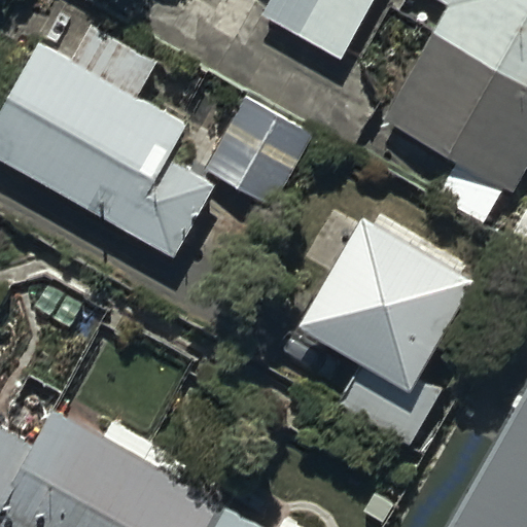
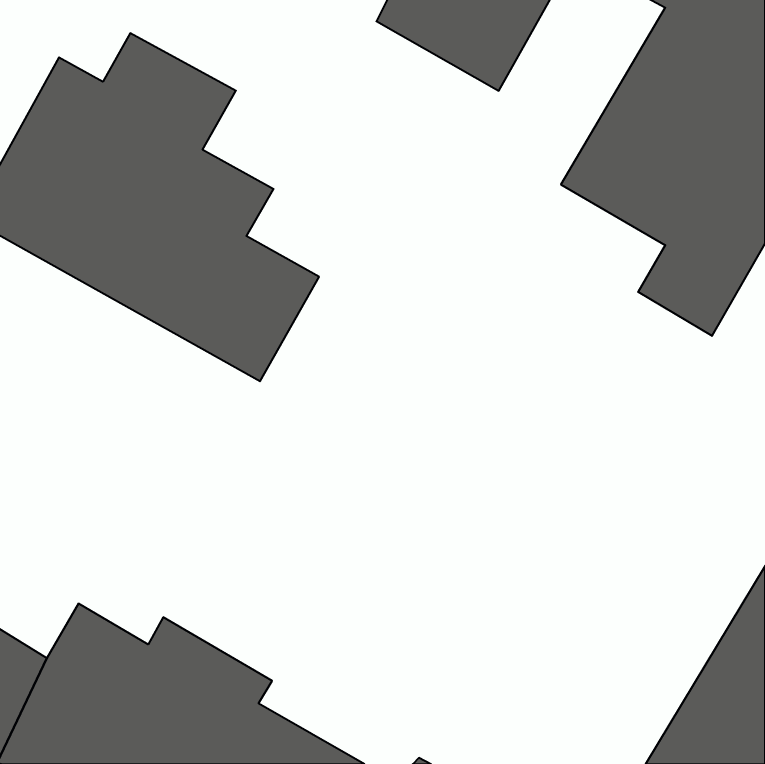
building: [200,94,315,208] -> none
building: [301,221,477,438] -> none

